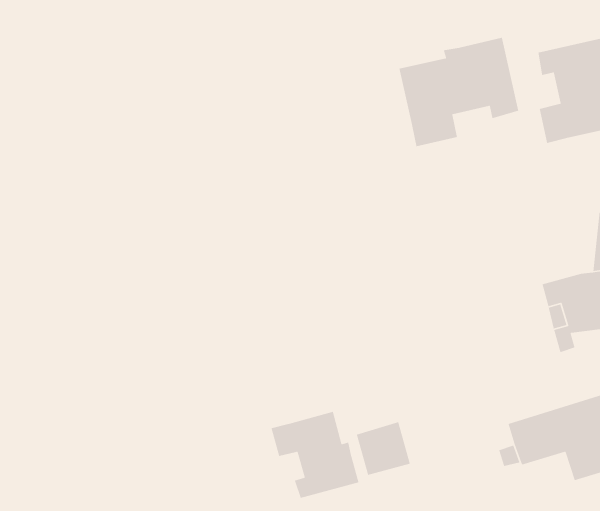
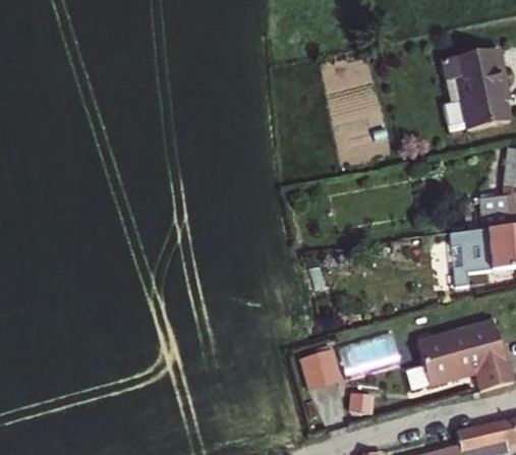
building: [398,37,519,147] -> none
building: [271,411,360,499] -> none

